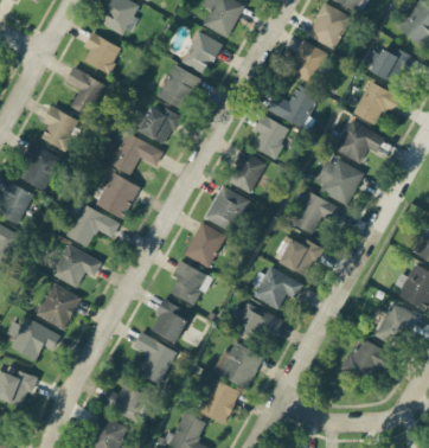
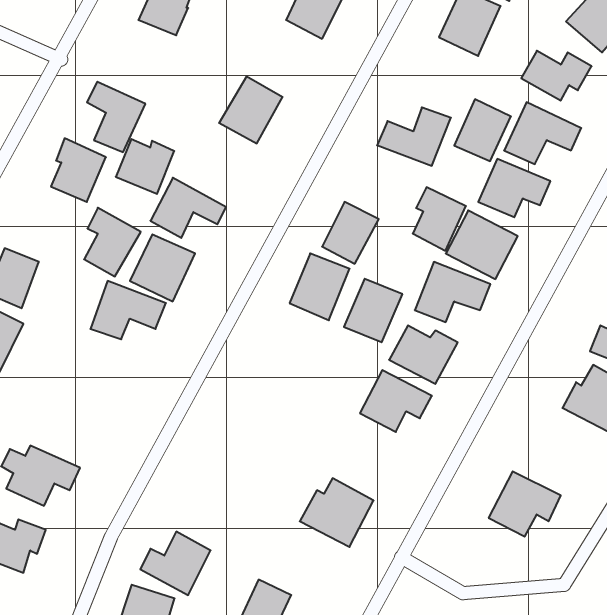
building: [181,31,222,75] -> none
building: [84,33,121,73] -> none
building: [288,40,327,83] -> [454,99,511,161]
building: [139,107,179,145] -> [116,139,174,194]
building: [252,115,289,159] -> [413,187,466,251]
building: [21,142,60,190] -> [84,208,141,276]
building: [185,223,225,267] -> [344,279,402,342]
building: [51,244,102,288] -> none
building: [169,261,211,306] -> none
building: [36,283,81,329] -> none
building: [151,299,187,343] -> none
building: [228,303,282,343] -> none
building: [374,303,417,348] -> none
building: [133,332,175,385] -> none
building: [198,378,239,424] -> none

